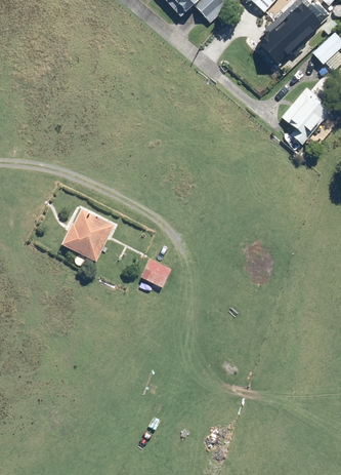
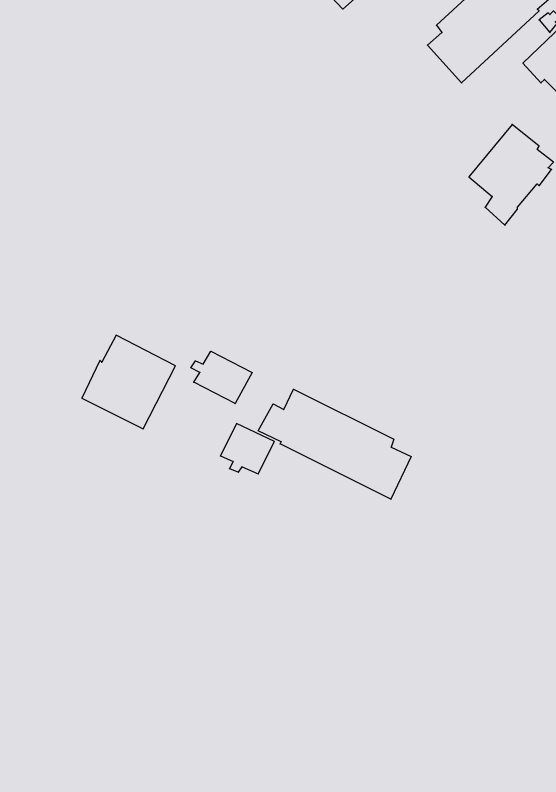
building: none -> [191,351,252,404]
building: none -> [258,389,411,499]

